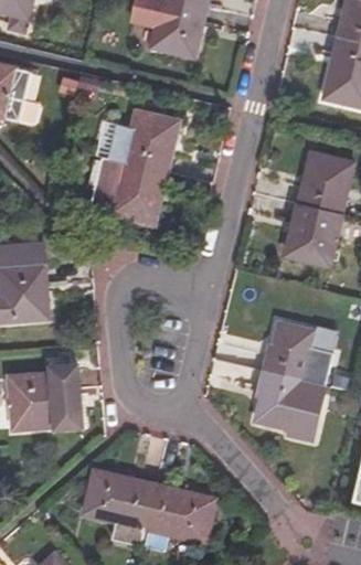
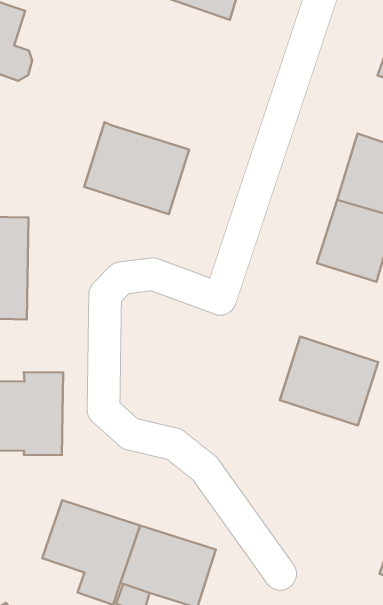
building: [107,106,181,171] -> none
building: [249,369,327,440] -> none

